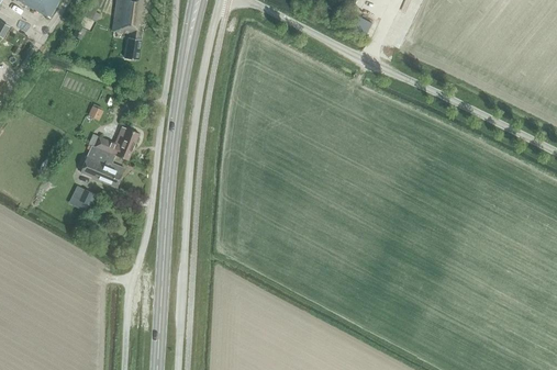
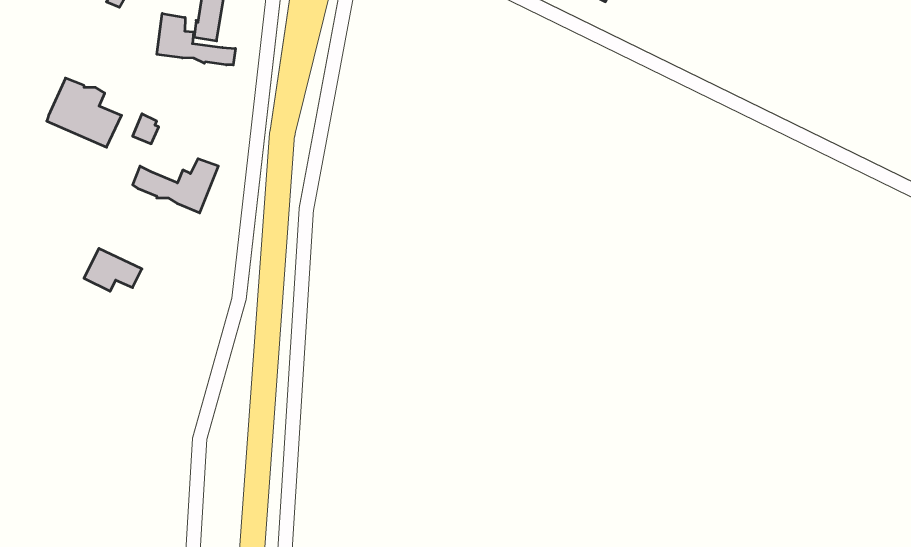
building: none -> [157,13,235,65]
building: [80,145,124,186] -> [47,78,122,147]

